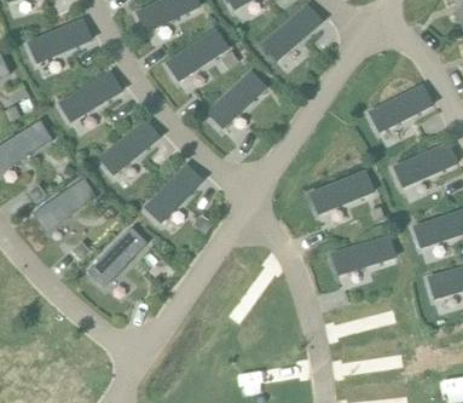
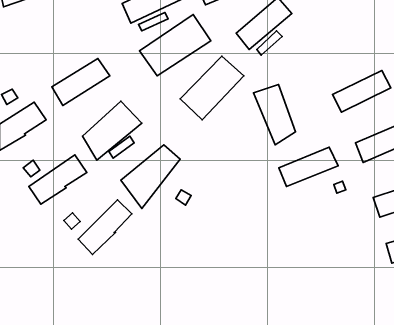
building: [23,15,94,70] -> none
building: none -> [254,85,296,145]
building: [331,234,397,272] -> none

